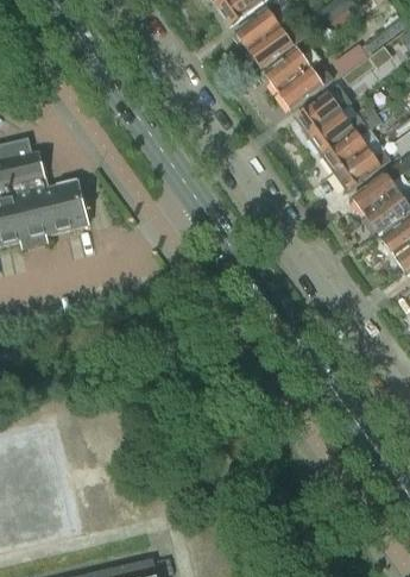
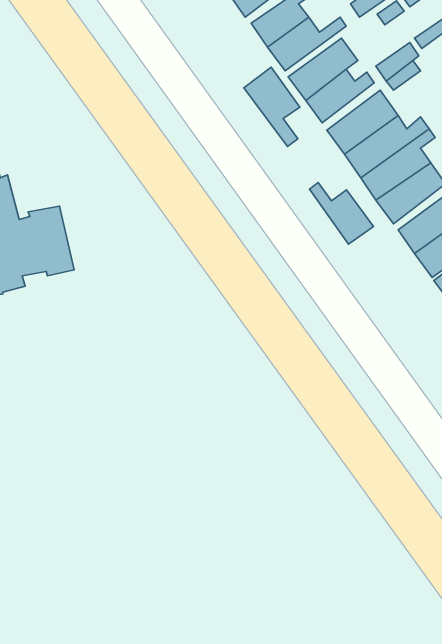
building: none -> [244,67,300,146]
building: none -> [309,183,374,244]

